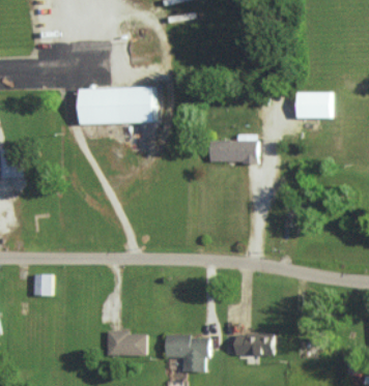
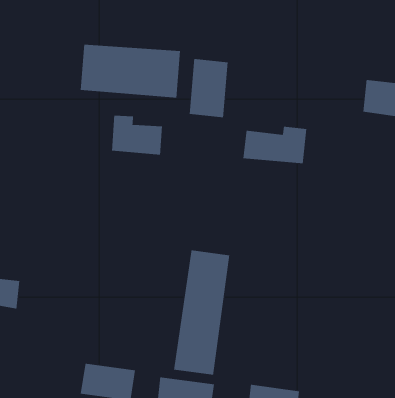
building: none -> [189,58,228,118]
building: none -> [112,115,163,155]
building: none -> [174,249,230,376]

